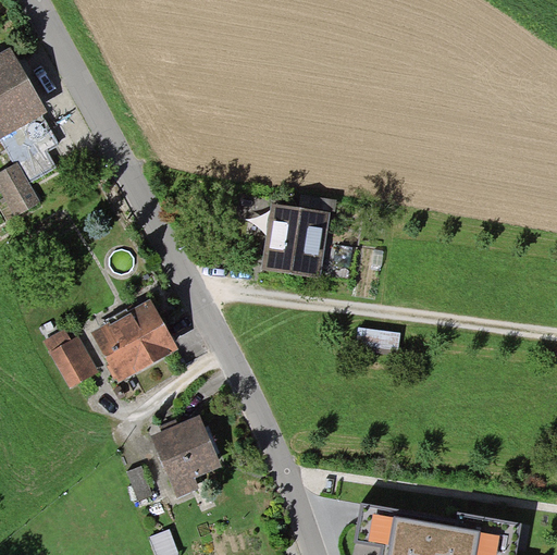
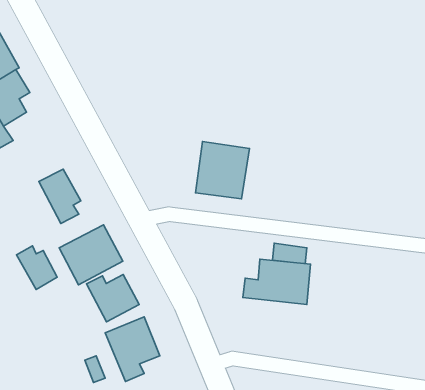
building: none -> [39,169,81,224]
building: none -> [243,259,311,304]
building: none -> [87,274,139,322]

